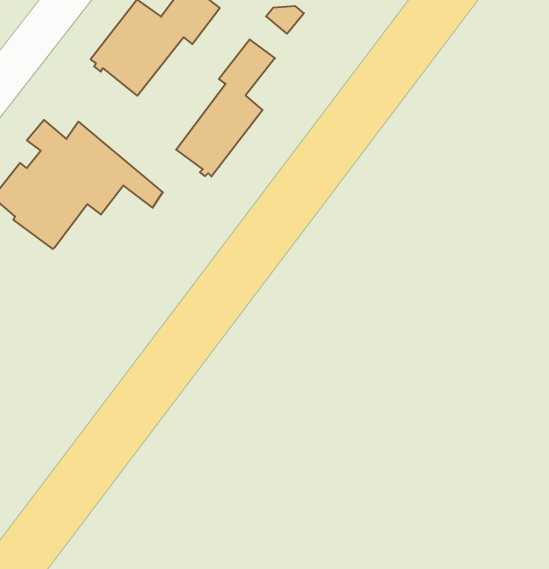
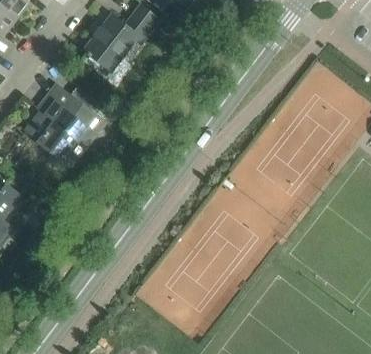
building: [176,39,275,177] -> none

